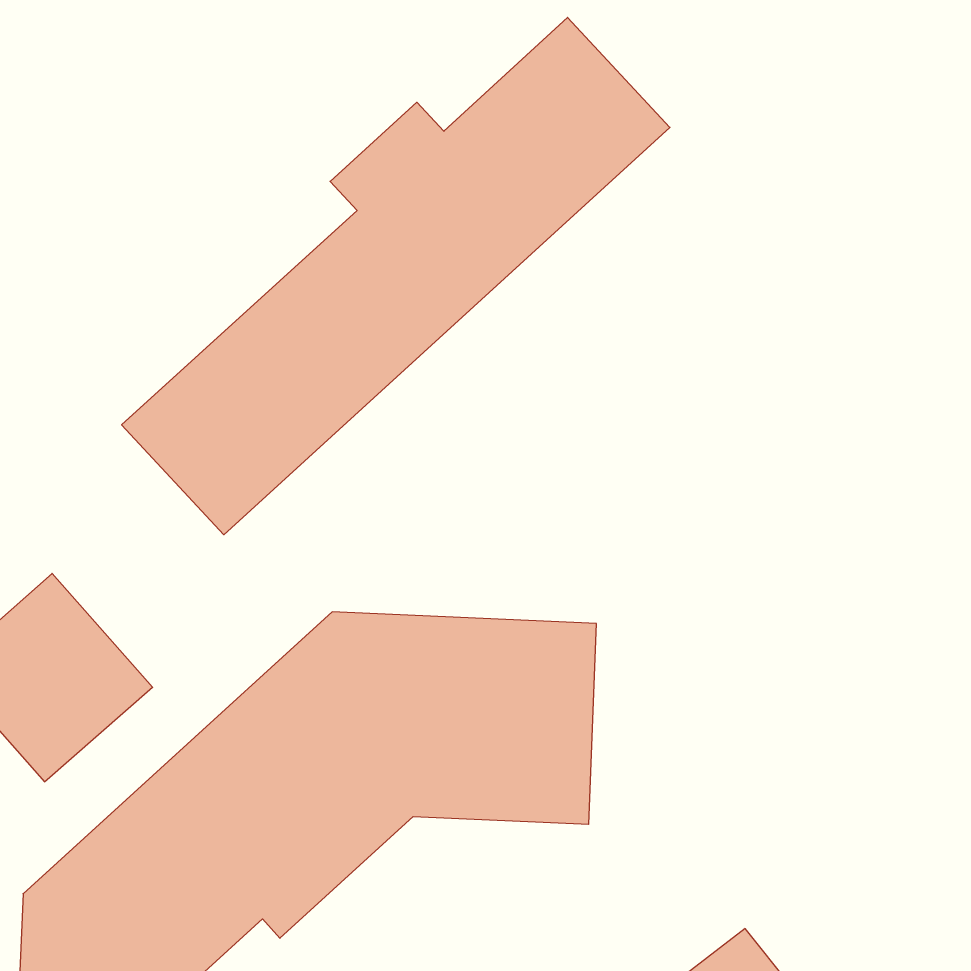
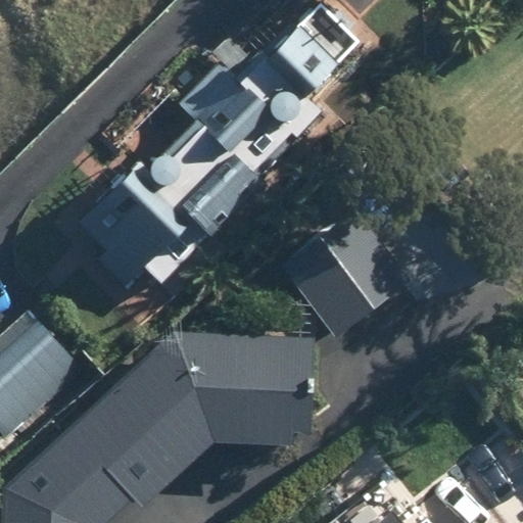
building: none -> [280,207,416,340]

